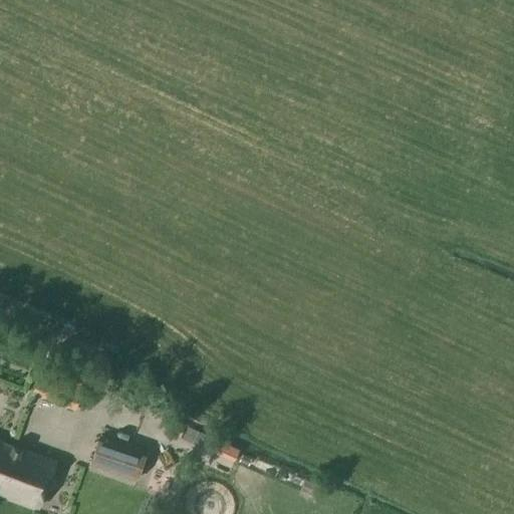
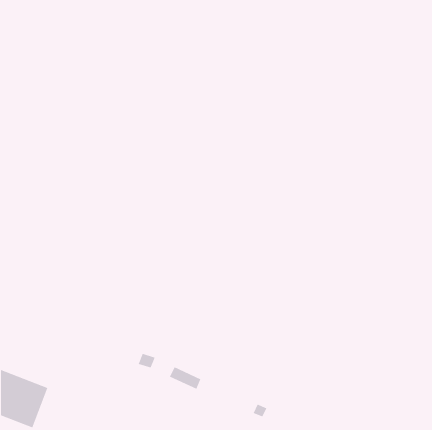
building: [90,437,148,484] -> none

